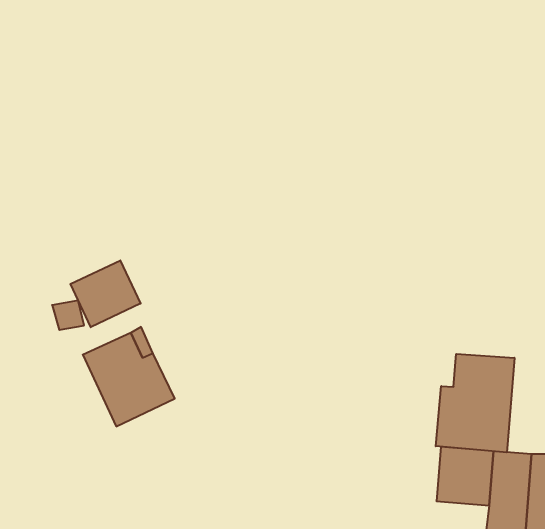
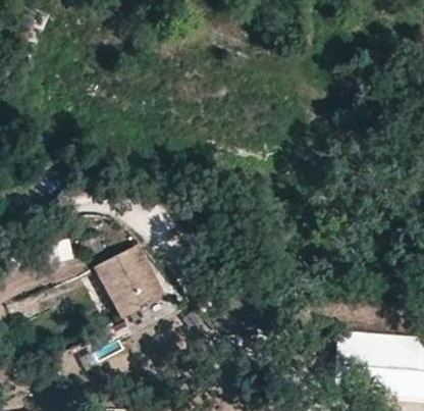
building: [70,260,141,327] -> none
building: [436,354,514,452] -> none

